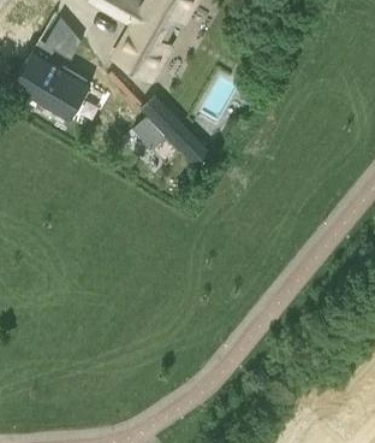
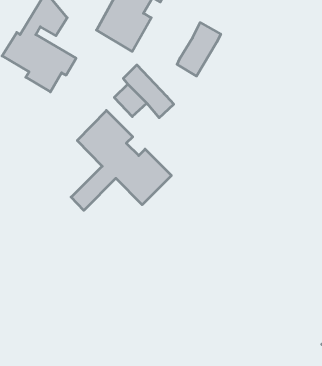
building: none -> [177,23,221,76]
building: none -> [71,110,171,210]

